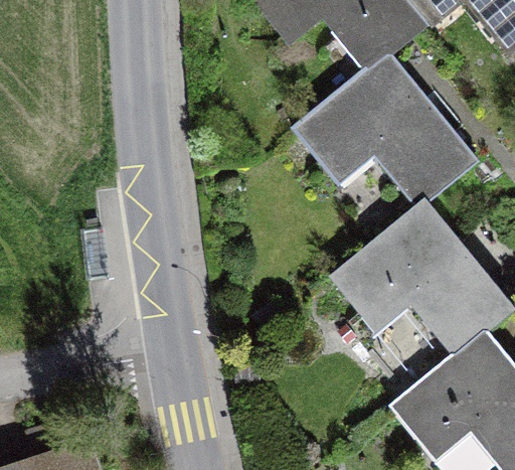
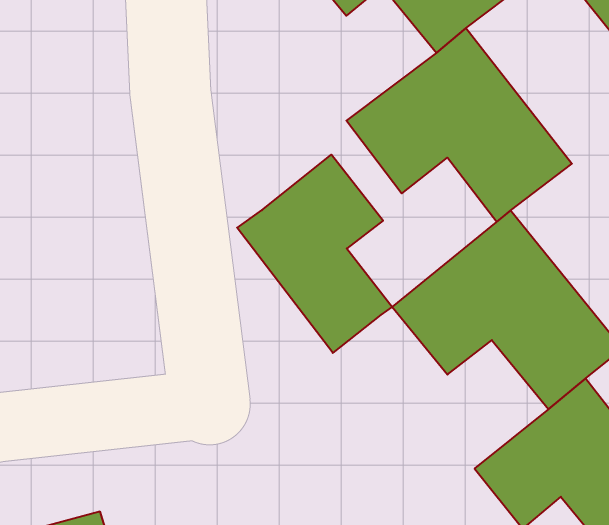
building: none -> [237,155,392,353]

